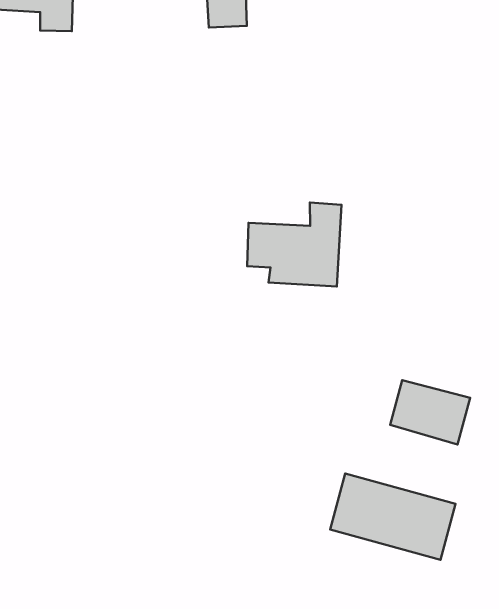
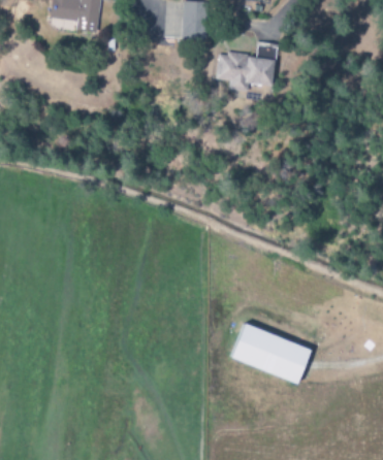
building: [247,203,341,287] -> [216,41,278,95]
building: [390,380,470,444] -> none

